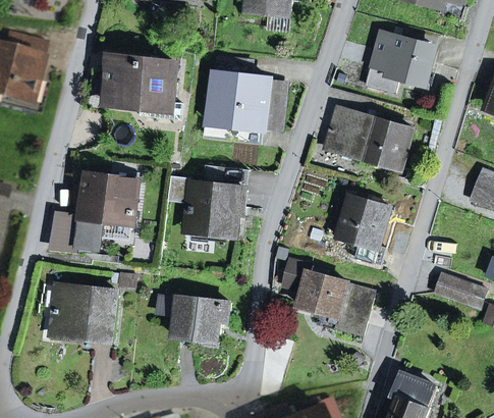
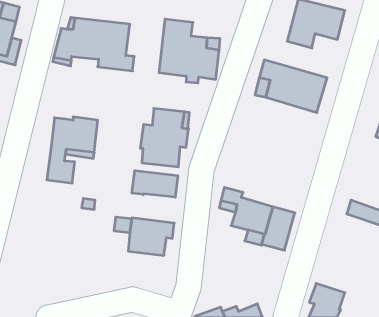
building: [336,193,388,264] -> none
building: [47,210,80,250] -> none
building: none -> [132,171,178,197]
building: [50,284,116,341] -> none

